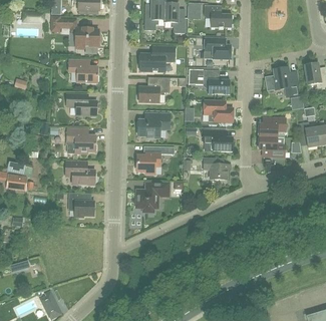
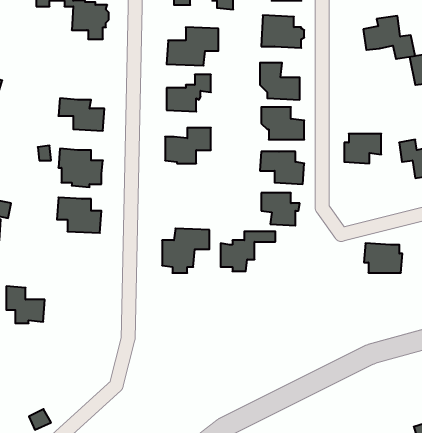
building: [68,58,98,81] -> none
building: [265,66,300,95] -> [363,16,415,59]
building: [259,135,285,155] -> [364,243,402,273]
building: [137,145,175,173] -> [221,231,275,271]
building: [68,191,94,216] -> [6,286,45,323]

